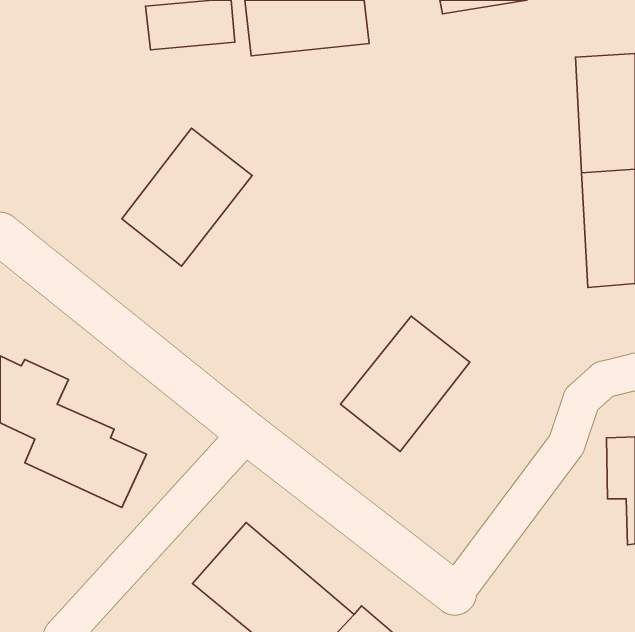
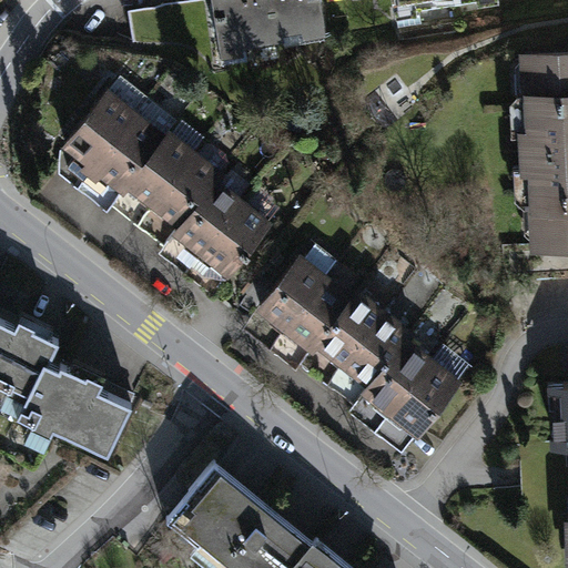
building: none -> [54,75,171,199]
building: none -> [162,160,280,283]
building: none -> [252,244,367,364]
building: none -> [357,326,473,447]

